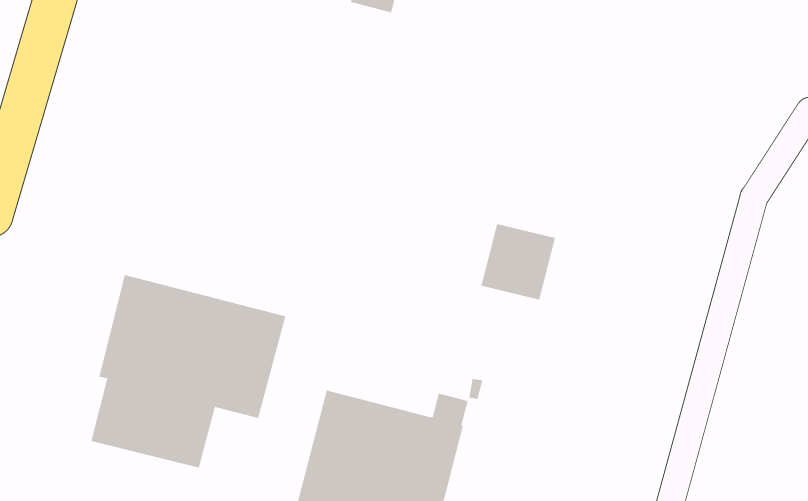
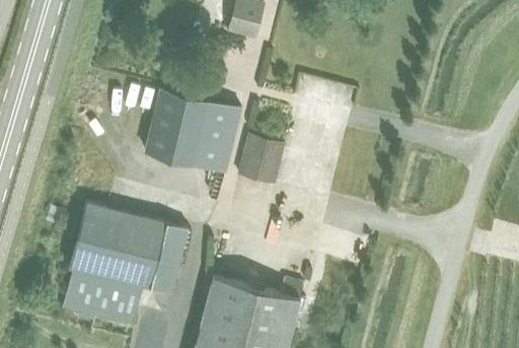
building: none -> [144,89,240,171]
building: [481,223,556,300] -> [237,135,285,184]

